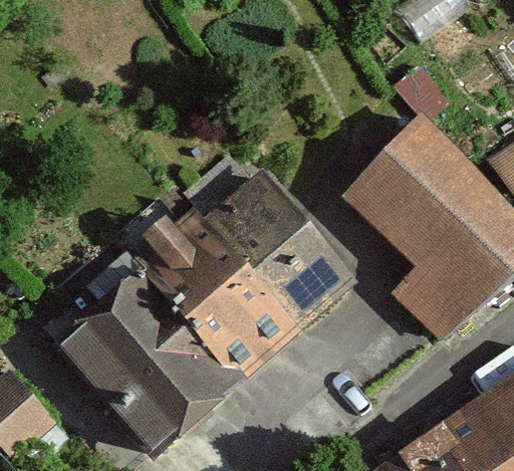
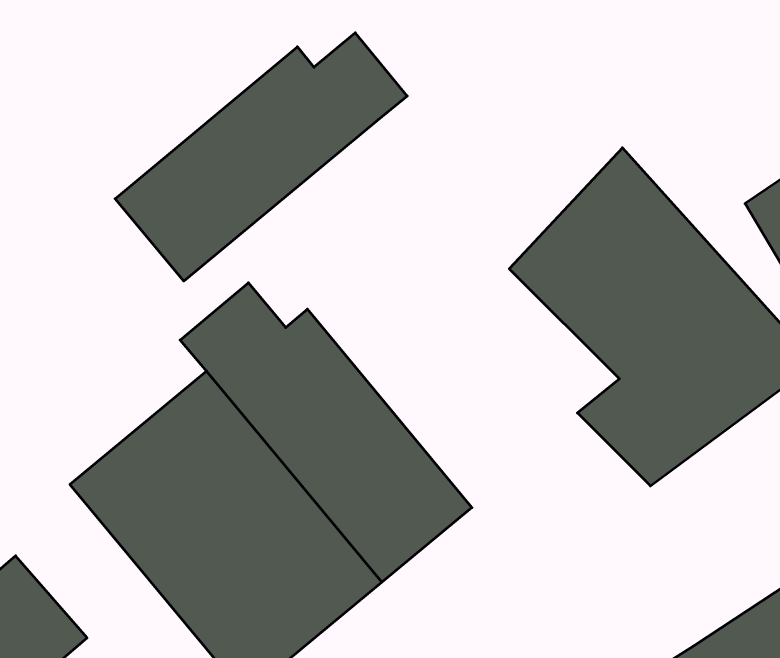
building: none -> [115,33,407,281]
building: [188,156,366,343] -> none

